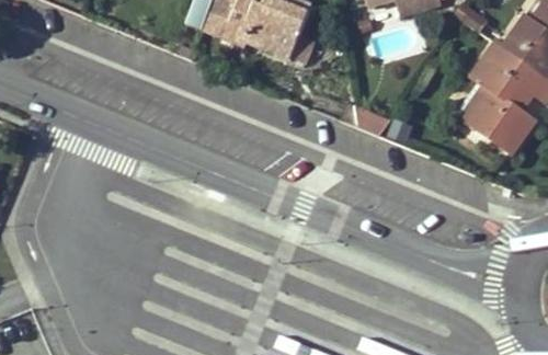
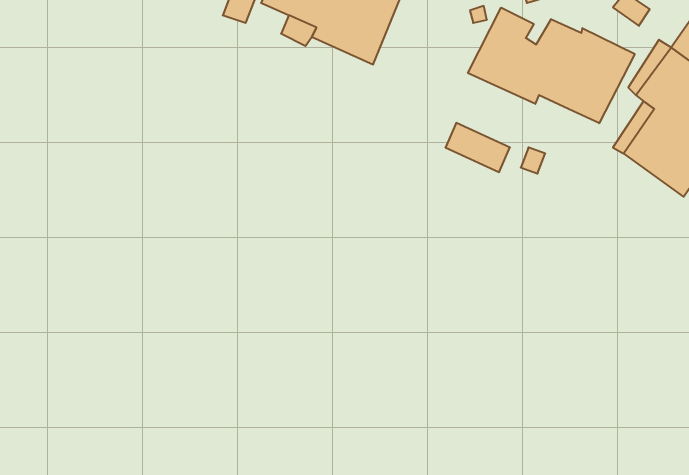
building: none -> [468,8,635,123]

